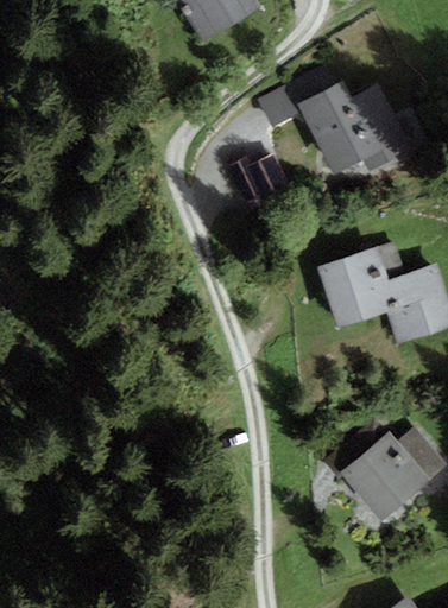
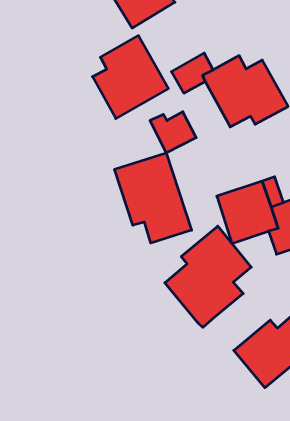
building: none -> [92,36,168,119]
building: none -> [115,153,192,243]
building: none -> [165,226,251,327]

